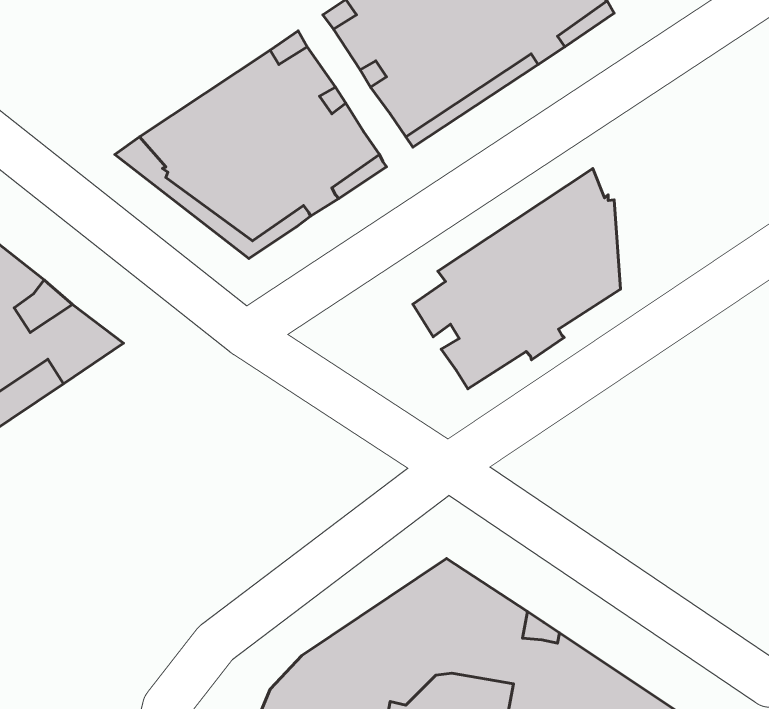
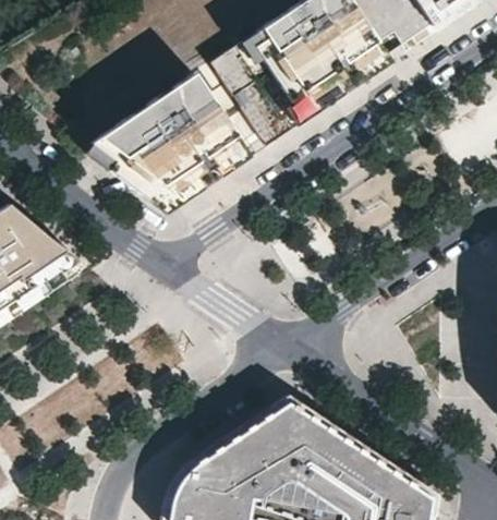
building: [413,168,621,389] -> none

